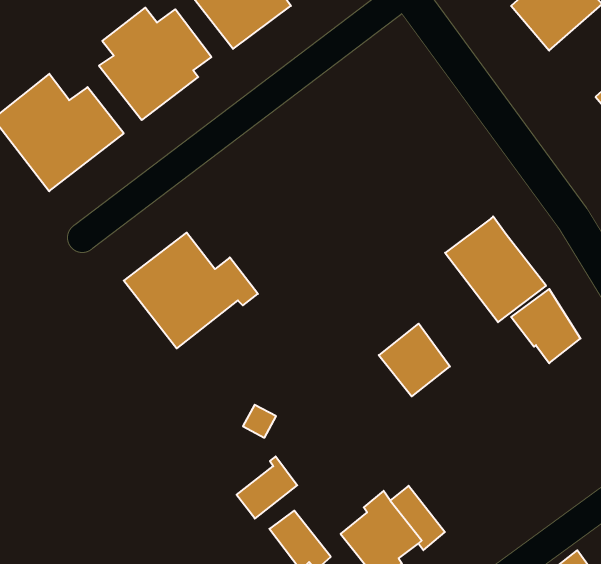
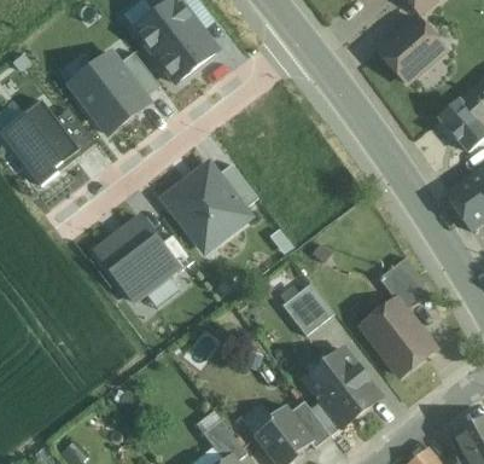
building: none -> [164,163,258,244]
building: [445,216,546,322] -> [361,297,435,375]
building: none -> [304,348,379,425]
building: [237,456,297,519] -> none

